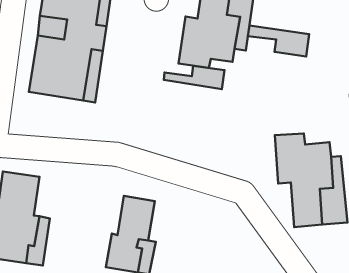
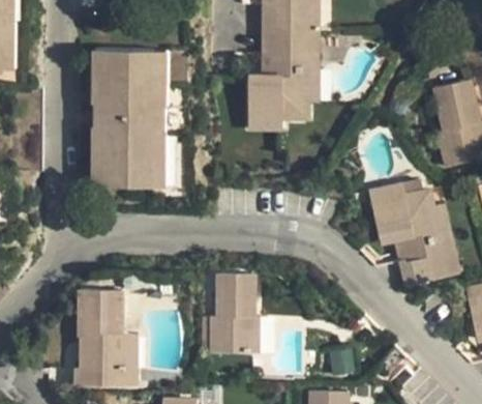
building: [248,26,309,56] -> none
building: [164,66,225,89] -> none

